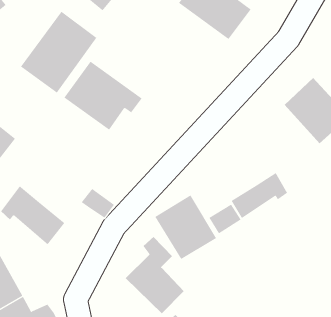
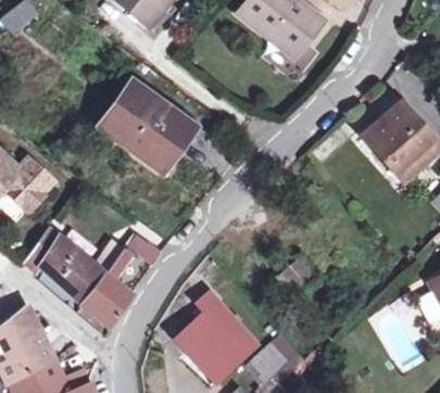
building: [20,11,97,93] -> none
building: [231,172,288,219] -> none
building: [154,194,217,260] -> none
building: none -> [84,250,131,327]

